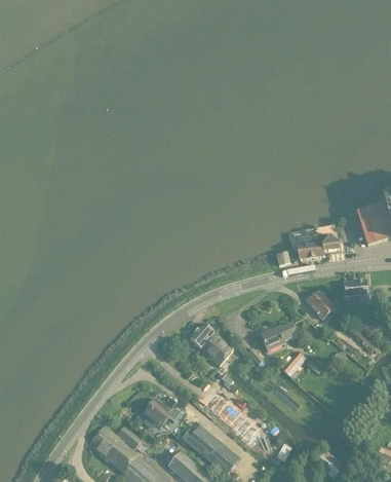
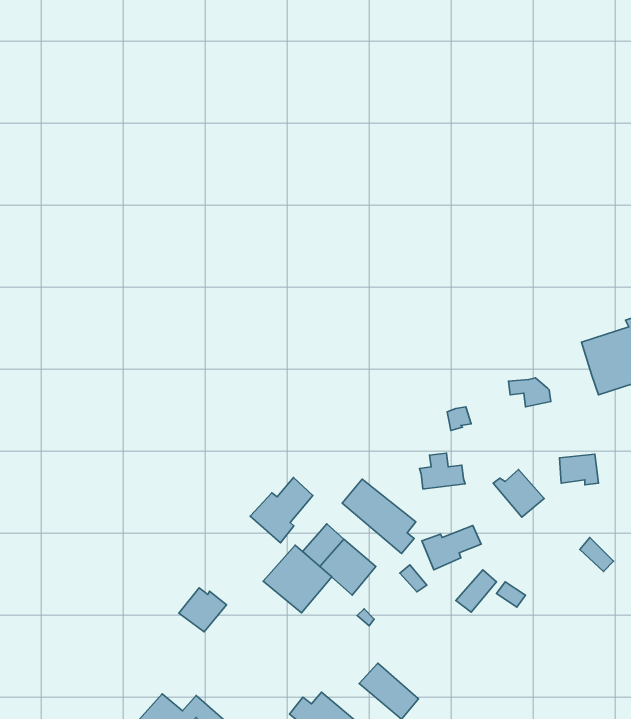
building: [297,236,324,258] -> [419,453,465,489]
building: none -> [250,477,313,543]
building: none -> [342,479,416,553]
building: none -> [263,545,332,613]
building: [144,399,172,425] -> [179,588,226,632]

